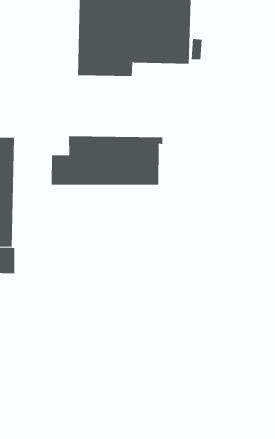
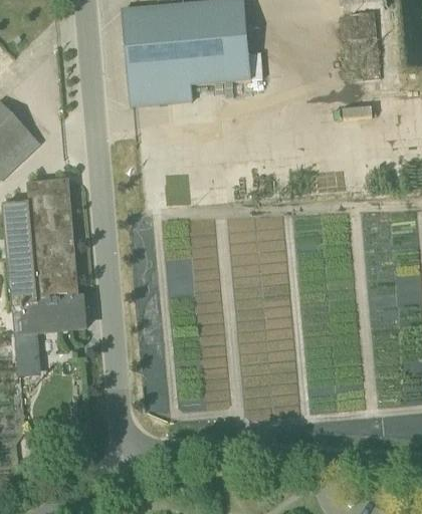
building: [51,136,163,186] -> none

